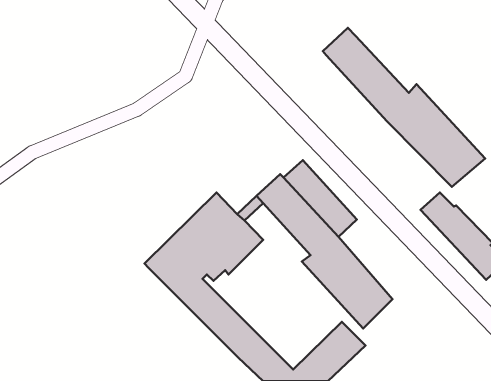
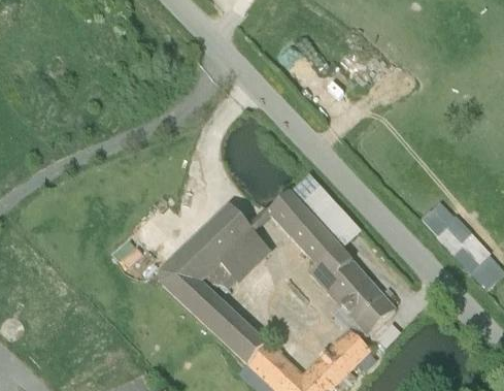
building: [323,28,485,187] -> none

